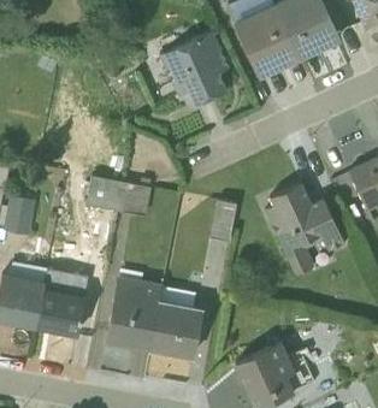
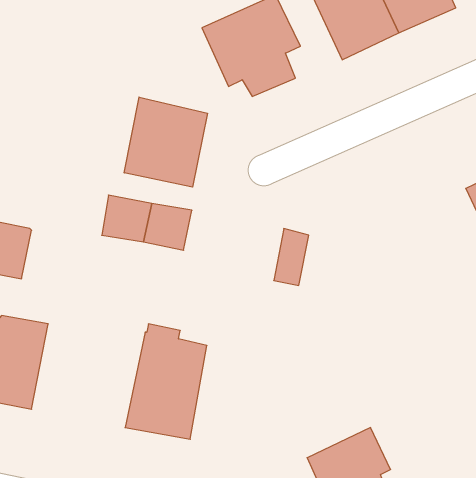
building: none -> [124,97,207,187]
building: [266,184,345,277] -> none
building: [36,271,87,337] -> none
building: [150,286,203,359] -> none

